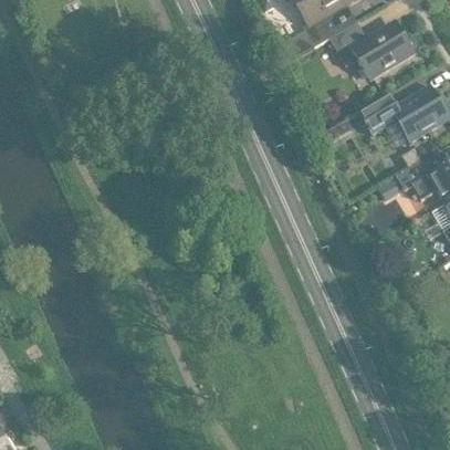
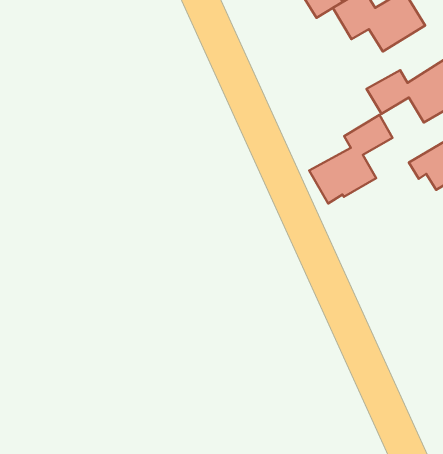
building: none -> [309,115,393,203]

